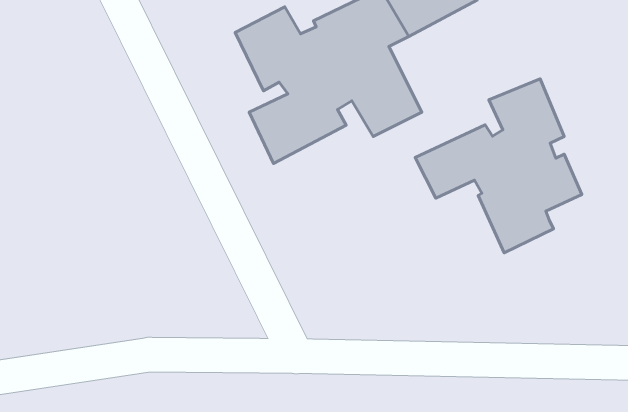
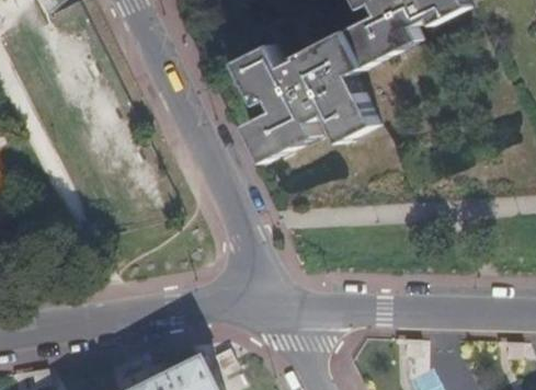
building: [415,79,582,253] -> none

